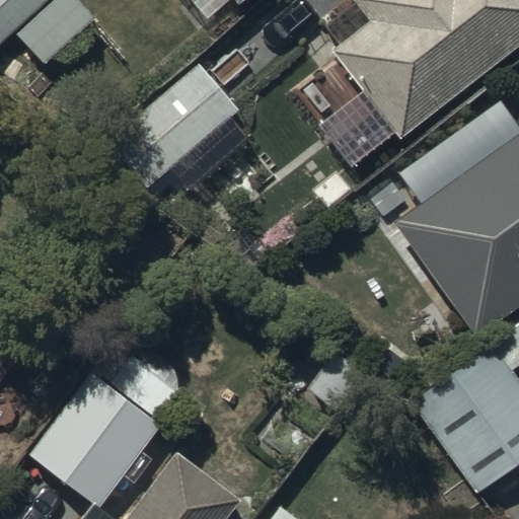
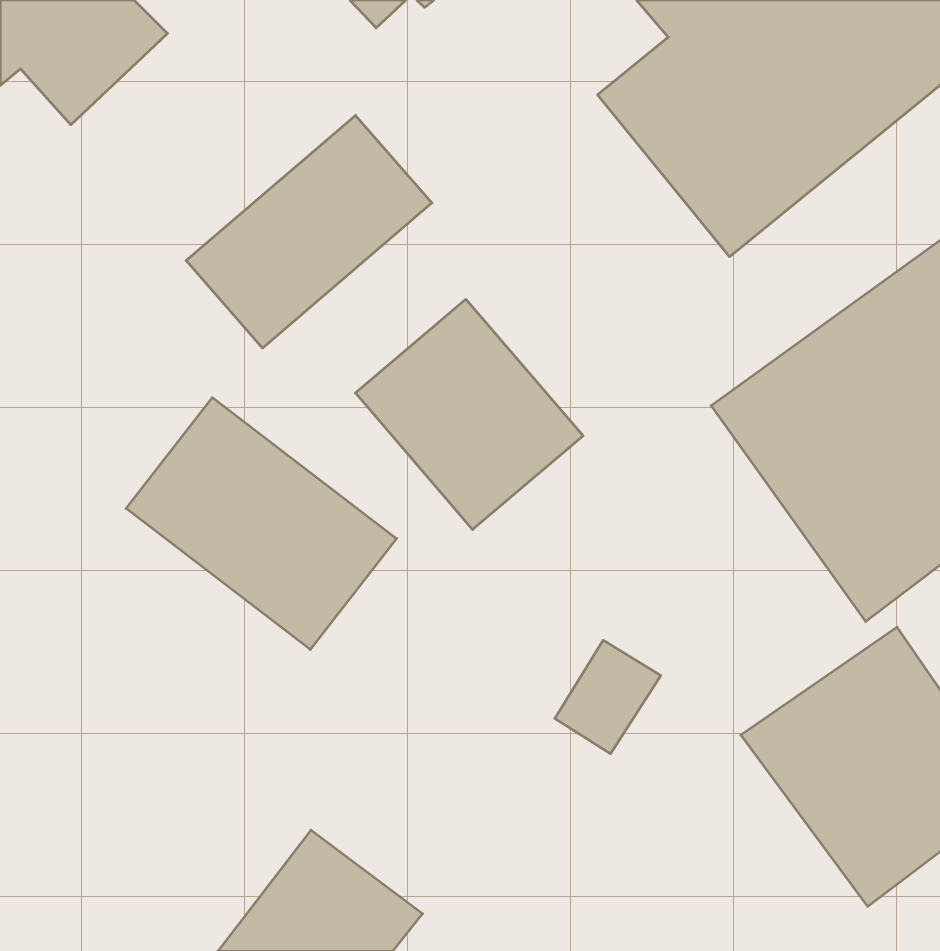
building: none -> [355,299,583,530]
building: none -> [126,398,397,650]
building: [26,342,179,509] -> none

